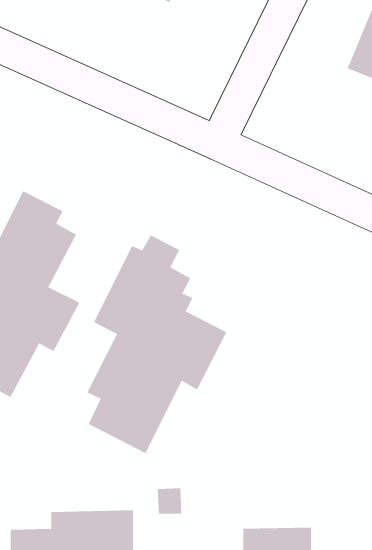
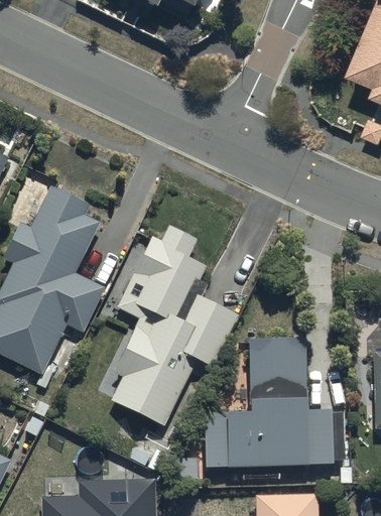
building: none -> [204,336,345,467]

